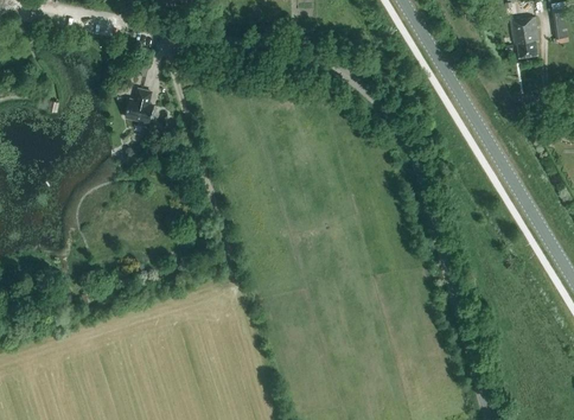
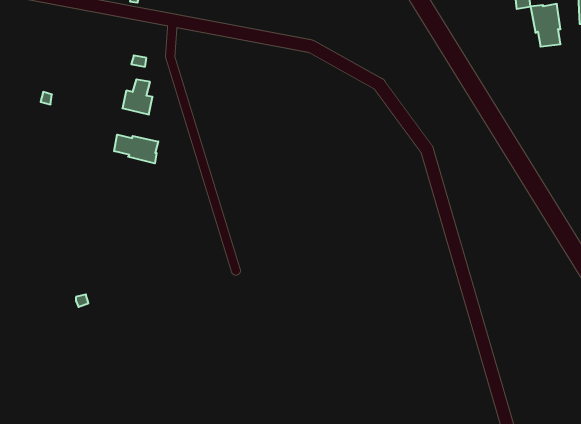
building: none -> [114,135,158,163]

